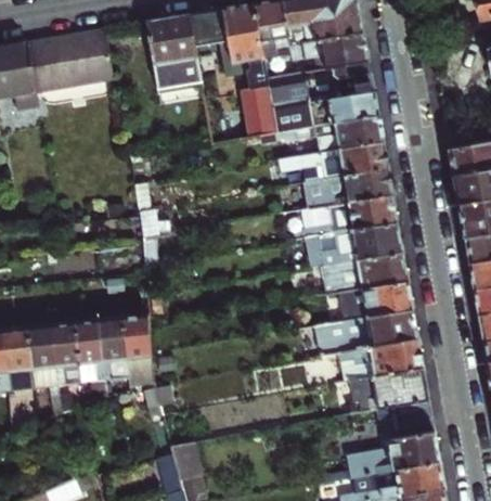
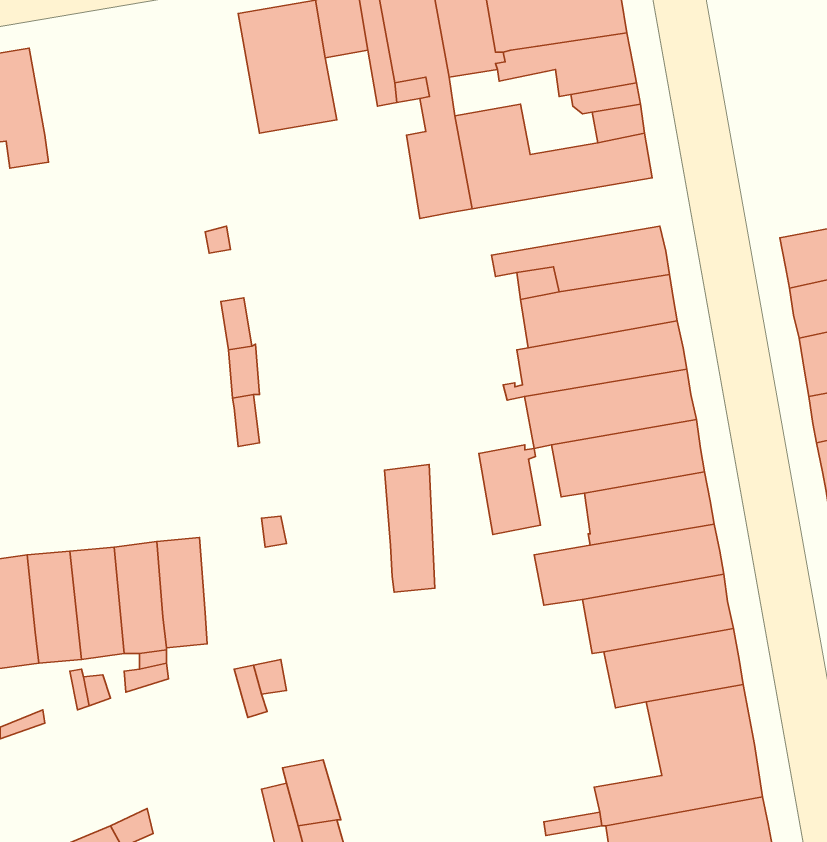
building: [28,29,114,91] -> none
building: [264,115,382,153] -> none
building: none -> [479,445,541,535]
building: [124,313,152,385] -> [385,464,435,592]

